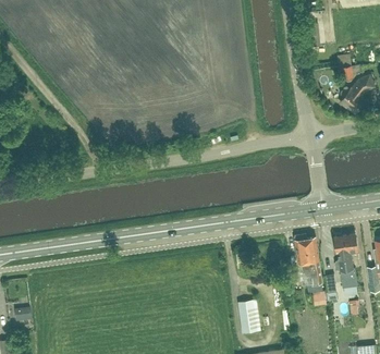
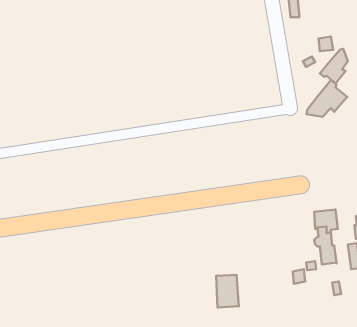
building: none -> [307,80,347,117]
building: [294,233,321,284] -> none

